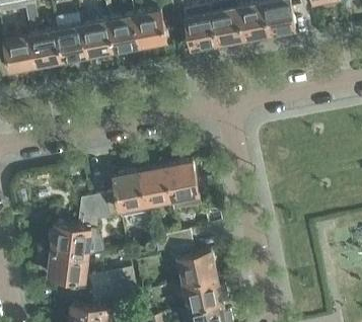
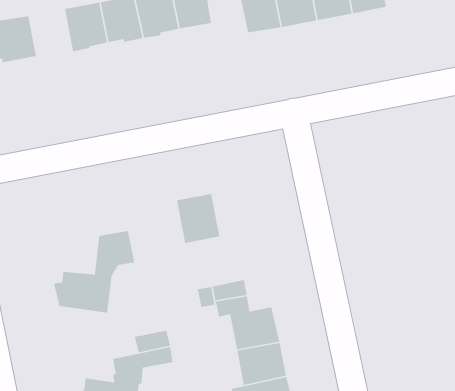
building: [28,30,61,66] -> none
building: [164,162,196,199] -> none
building: [102,172,145,219] -> none
building: [47,251,87,283] -> none

